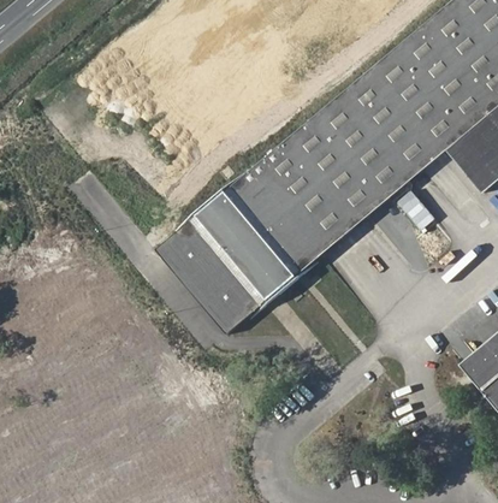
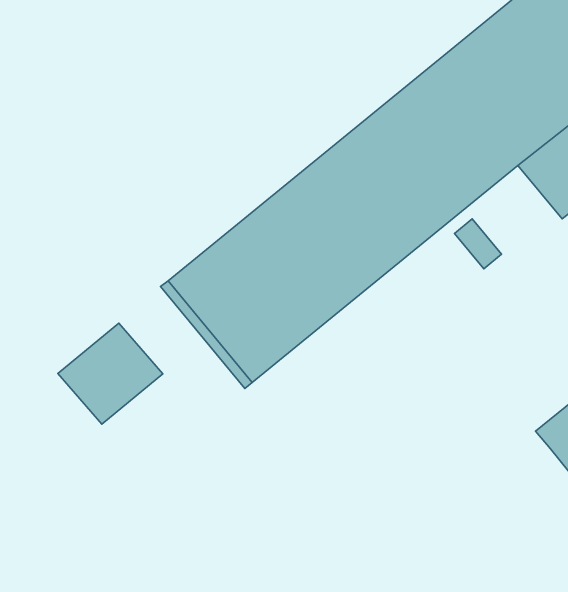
building: none -> [58,323,163,424]

